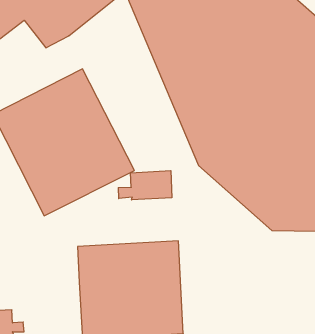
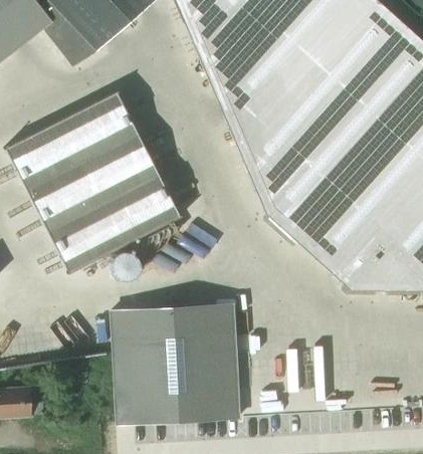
building: [118,171,172,200] -> none

